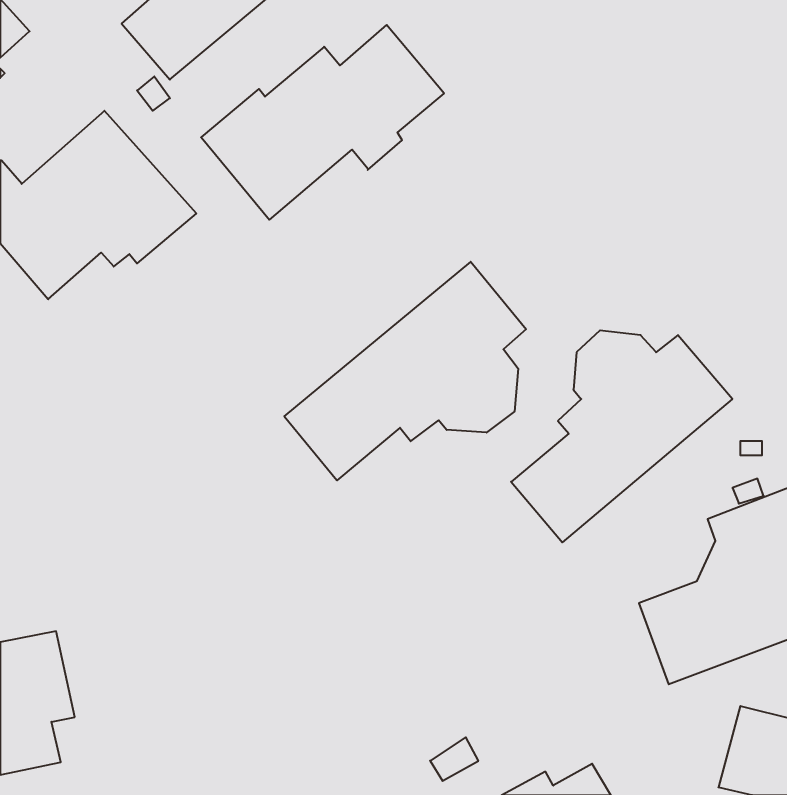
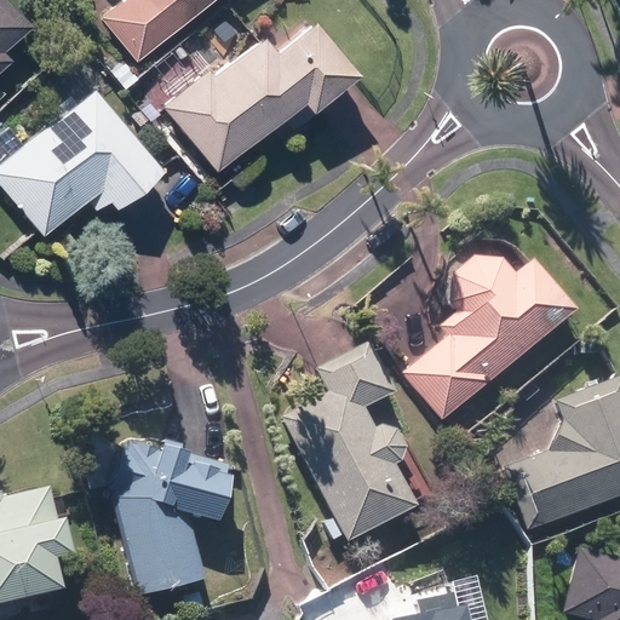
building: [284,262,526,480] -> none
building: none -> [282,345,417,544]
building: none -> [108,443,230,598]

